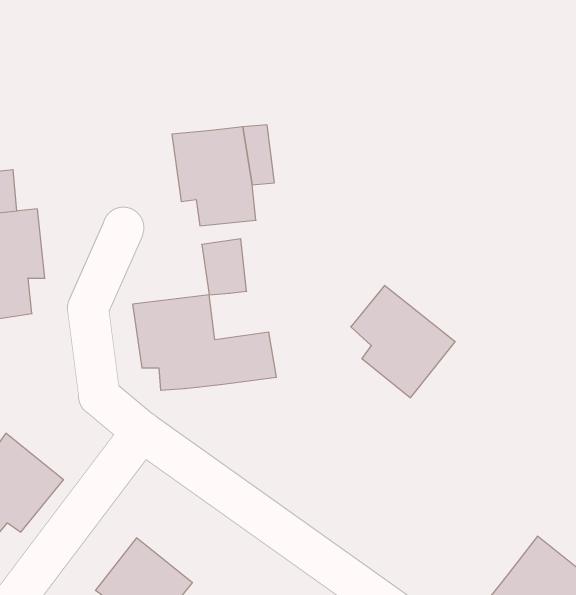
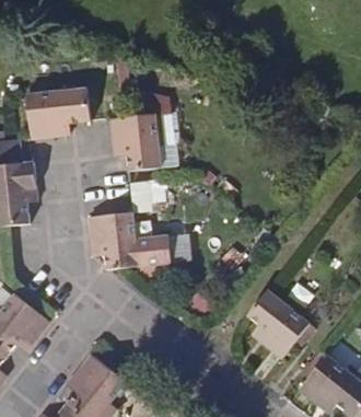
building: none -> [25,88,91,138]
building: [351,286,455,398] -> [247,291,308,357]

